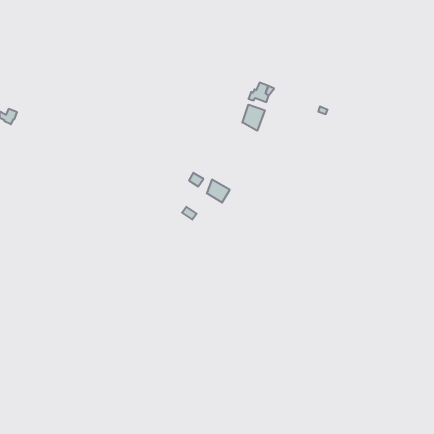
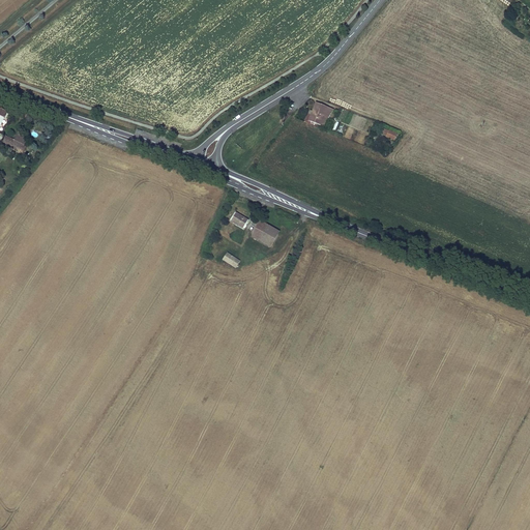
building: [242,105,265,131] -> none

